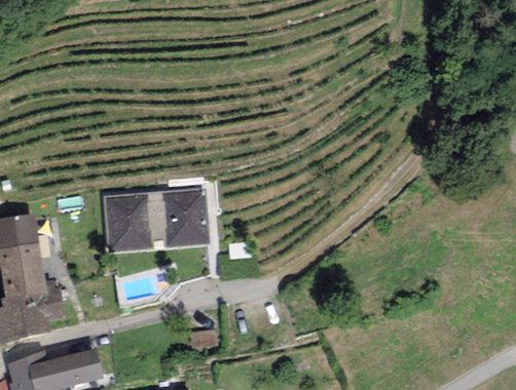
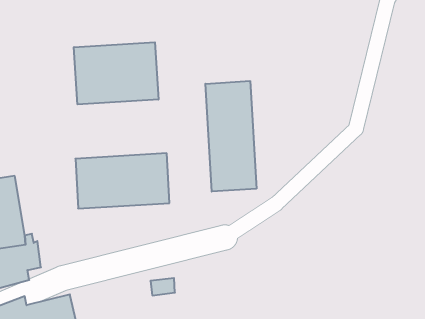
building: none -> [74,42,158,104]
building: none -> [205,81,256,192]

